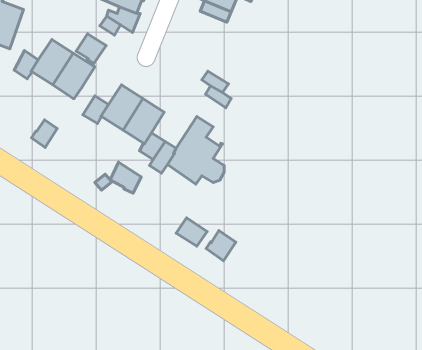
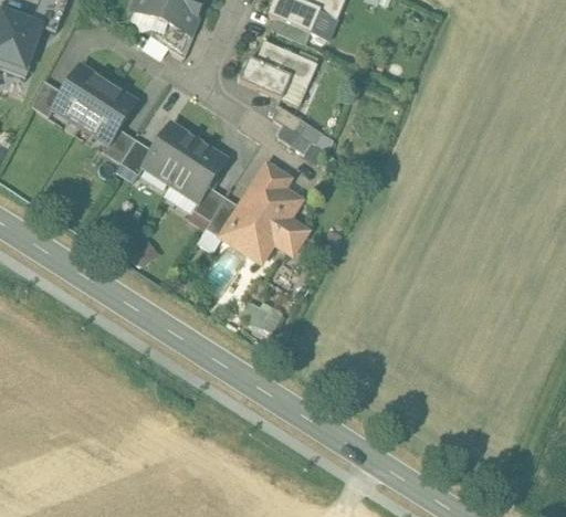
building: none -> [240,40,316,98]
building: [76,34,106,63] -> none
building: [32,120,57,147] -> [102,127,135,162]
building: [110,162,141,193] -> none
building: [206,231,236,261] -> none

